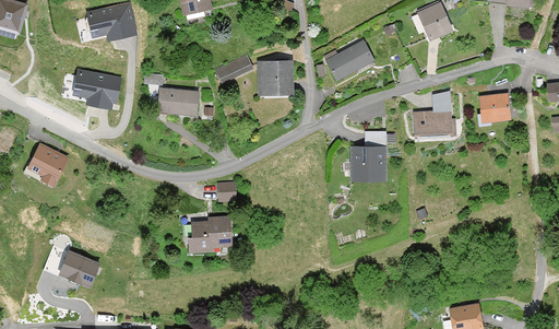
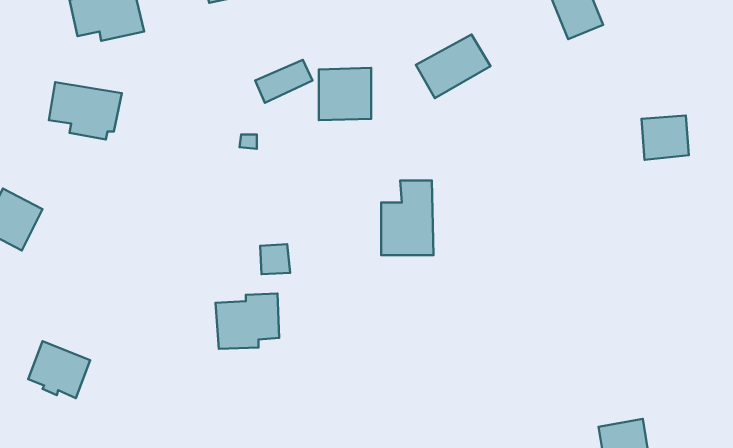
building: [167,87,200,116] -> none
building: [414,103,453,137] -> none
building: [352,131,388,183] -> [381,180,433,255]

